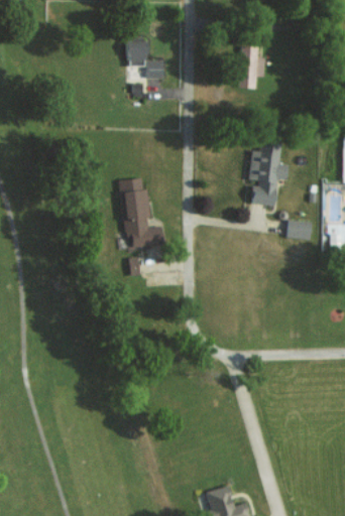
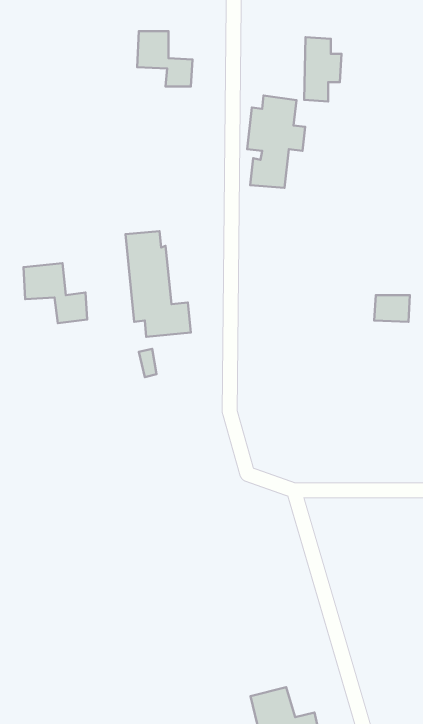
building: [248,143,288,206] -> [247,96,305,188]
building: none -> [23,263,87,323]

